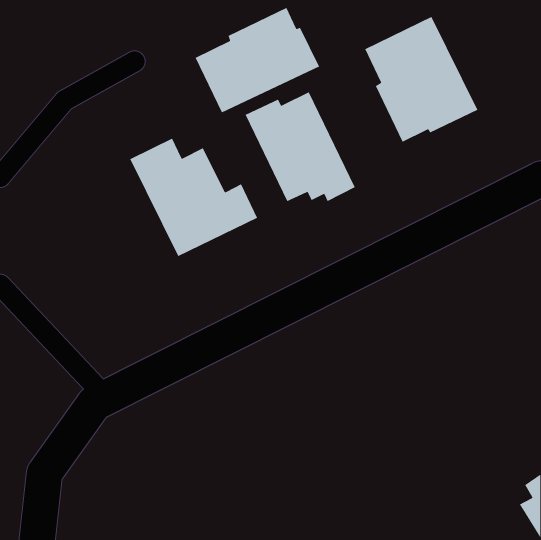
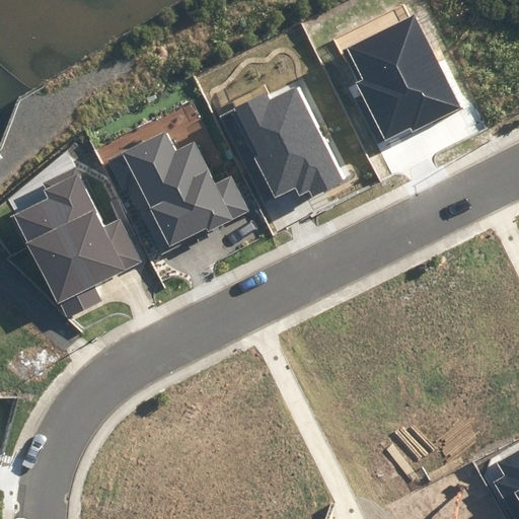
building: [194,7,320,114] -> none
building: none -> [14,169,140,302]

